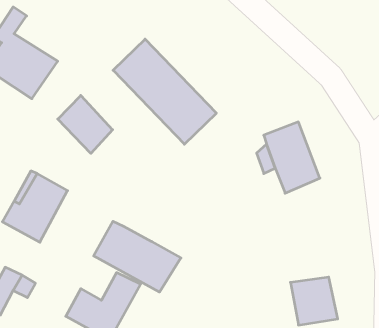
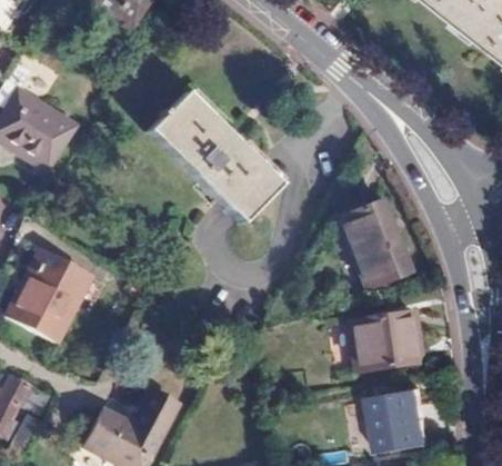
building: [58,95,113,153] -> none
building: none -> [343,311,410,371]
building: [94,221,181,292] -> none

